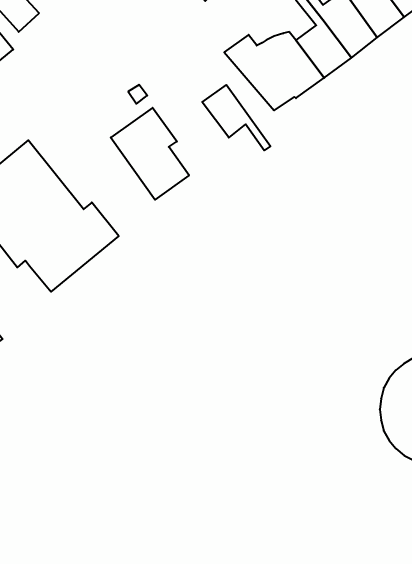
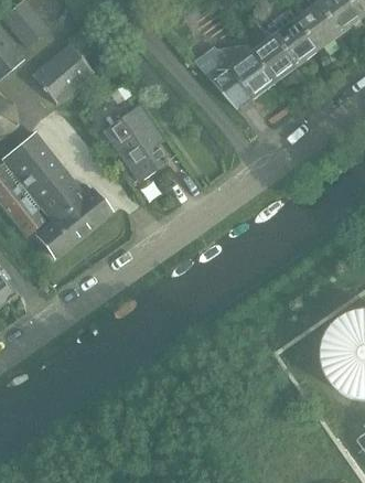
building: none -> [33,43,94,104]
building: [202,85,270,150] -> none

